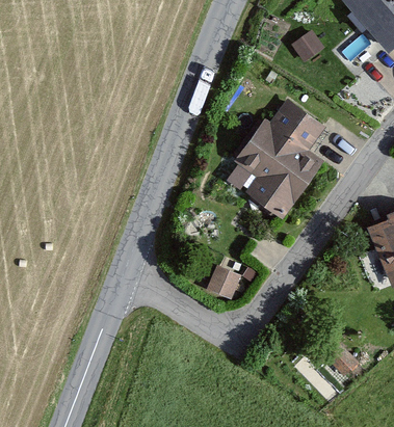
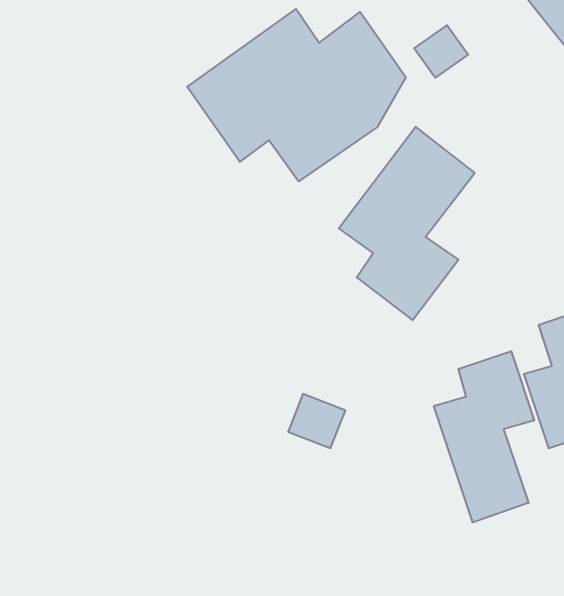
building: none -> [187,9,406,181]
building: none -> [434,351,534,522]

